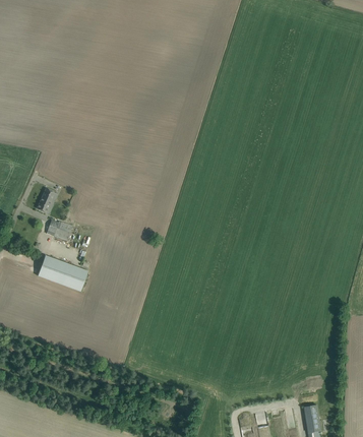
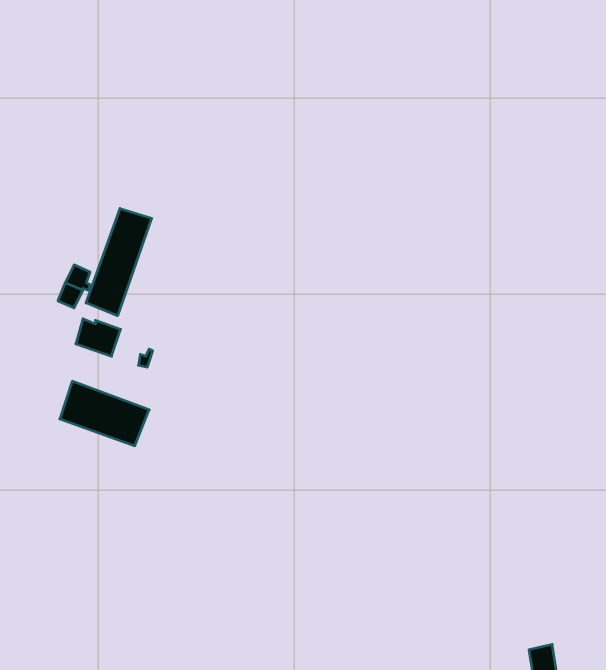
building: none -> [86,208,152,316]

